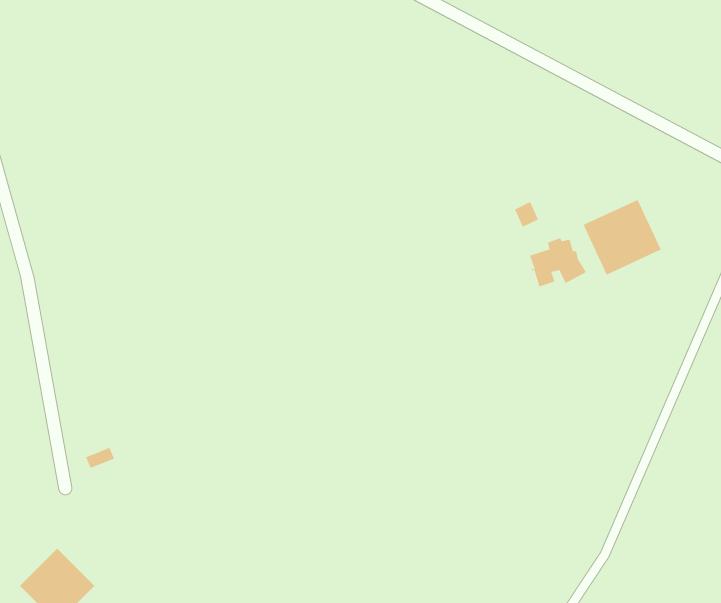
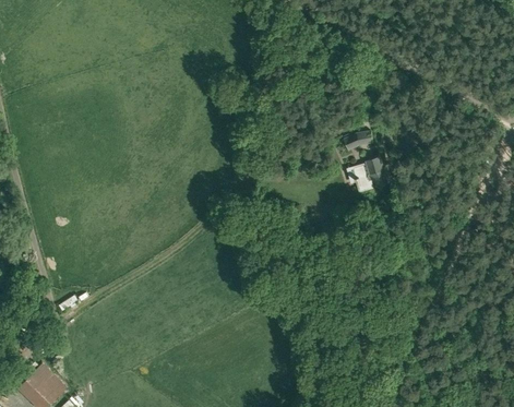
building: [583,199,661,275] -> none

